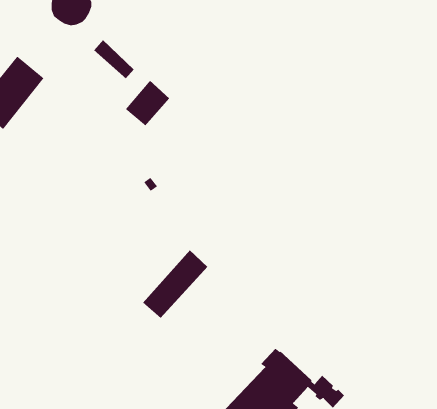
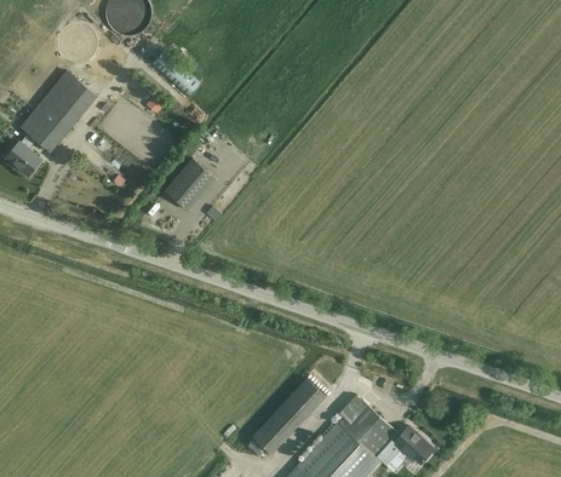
building: [125,80,170,127] -> [162,159,213,211]
building: [142,250,208,319] -> [252,377,326,454]

